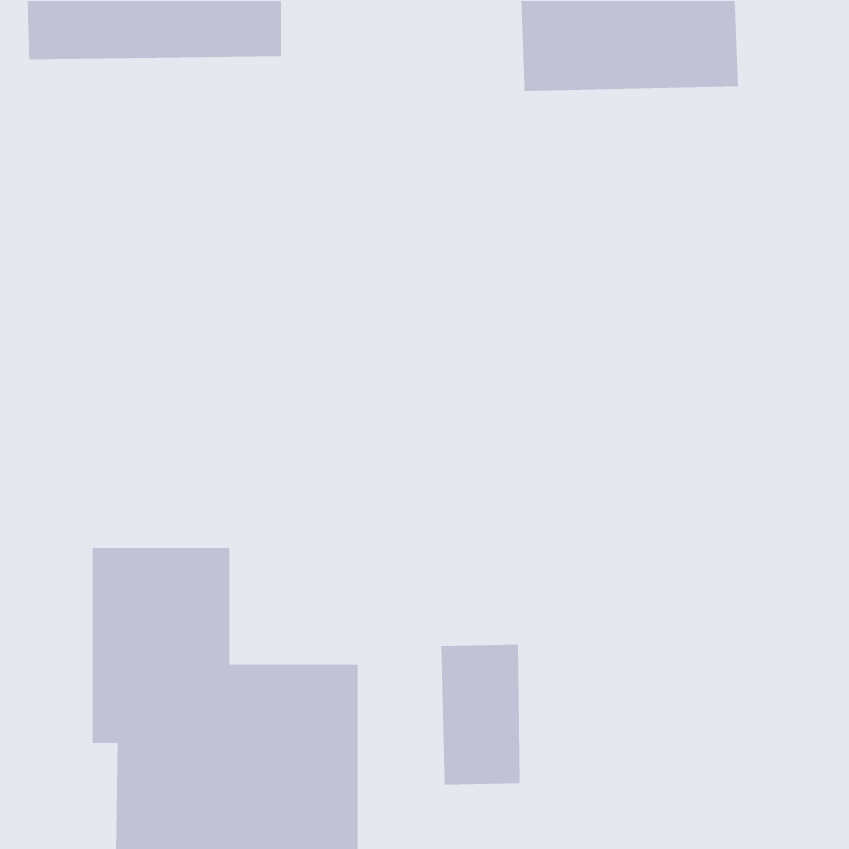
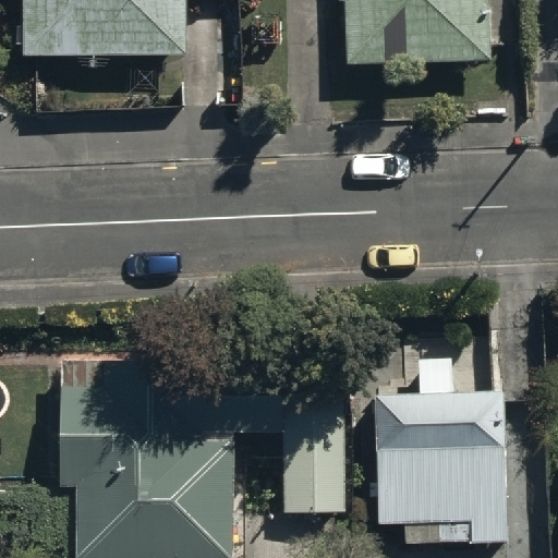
building: none -> [372,363,506,542]

